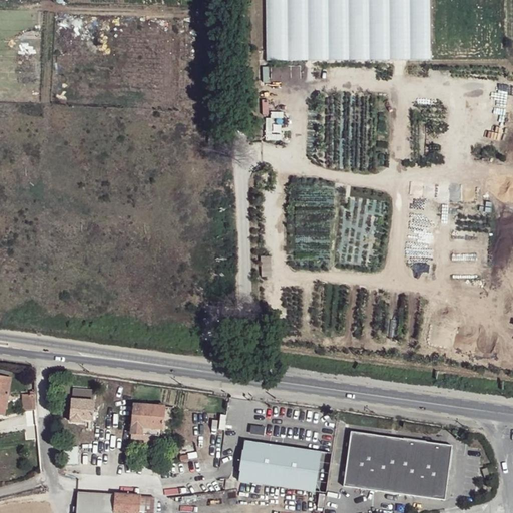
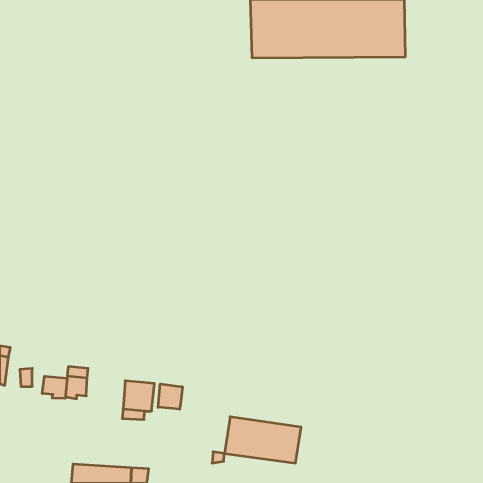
building: none -> [42,376,67,398]
building: none -> [158,384,182,409]
building: [342,431,451,499] -> none

